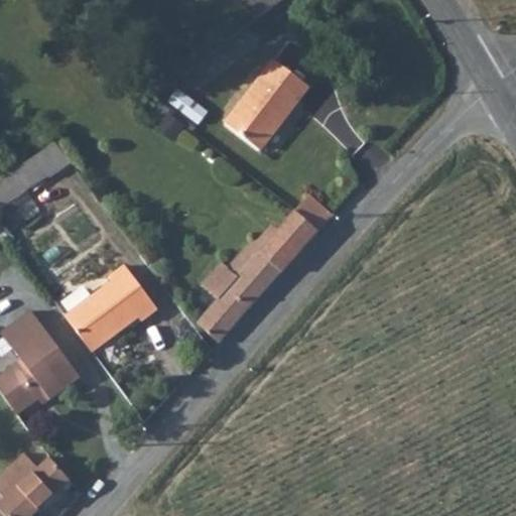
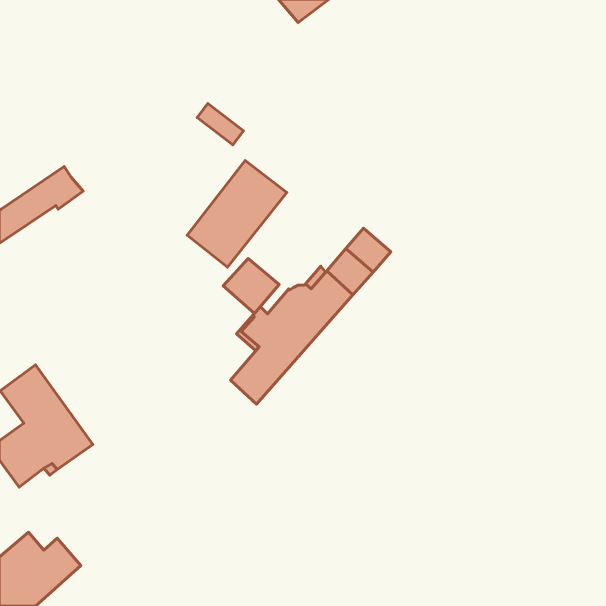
building: [224,58,308,149] -> [187,160,287,267]
building: none -> [223,259,279,313]
building: [63,264,156,352] -> none

